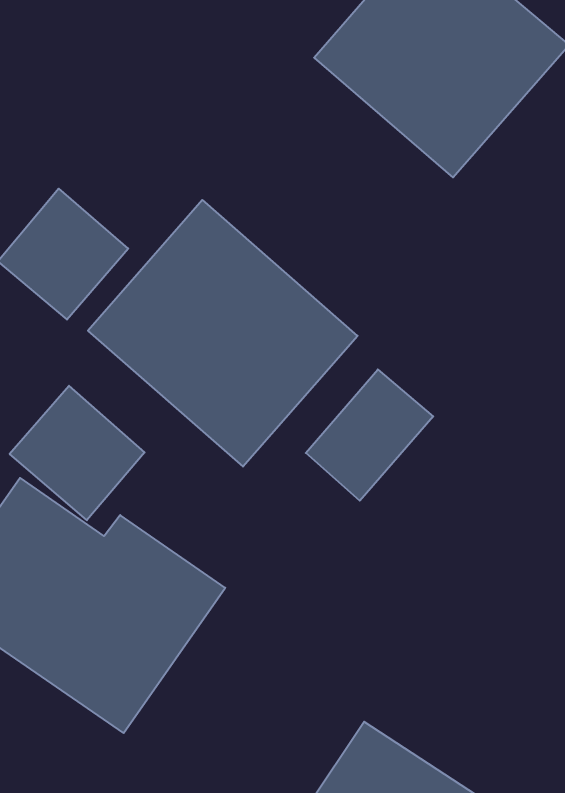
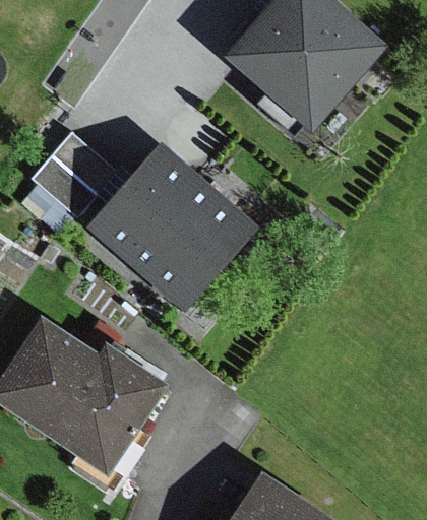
building: [306,369,433,501] -> none
building: [10,386,145,520] -> none

